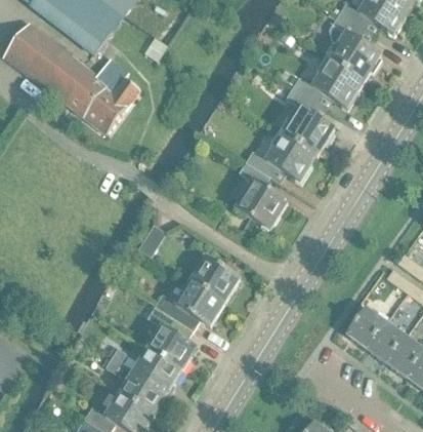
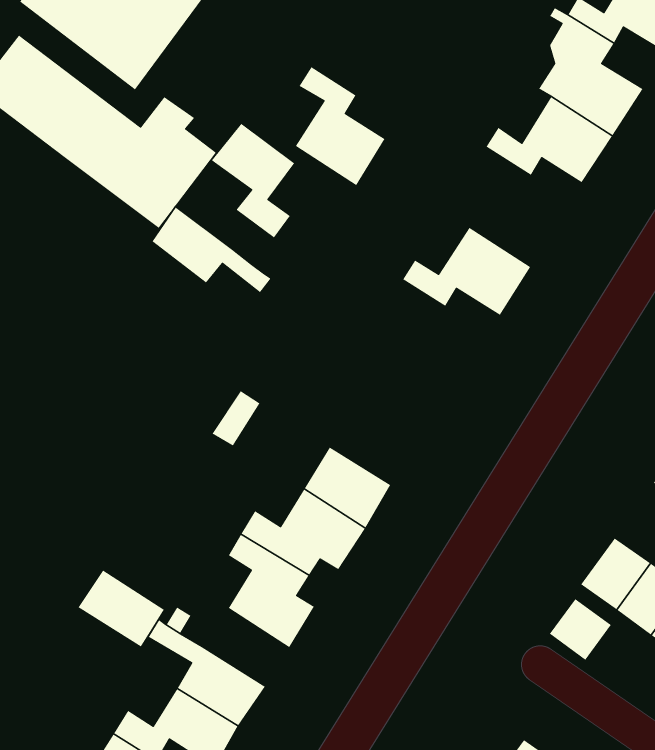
building: none -> [211,123,295,238]
building: [284,86,335,154] -> [295,66,386,186]
building: none -> [151,206,272,293]
building: [237,161,288,229] -> none
building: none -> [549,598,612,661]
building: [133,347,182,391] -> [78,570,165,648]

